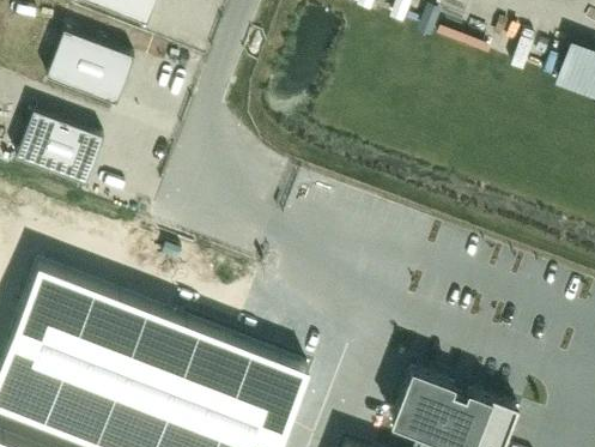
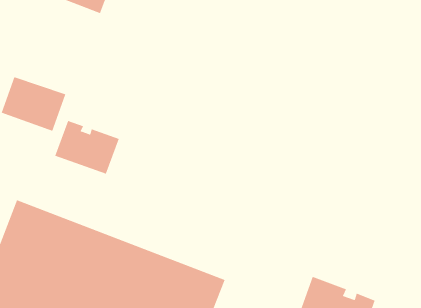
building: [47,24,133,101] -> none
building: none -> [54,120,119,175]

